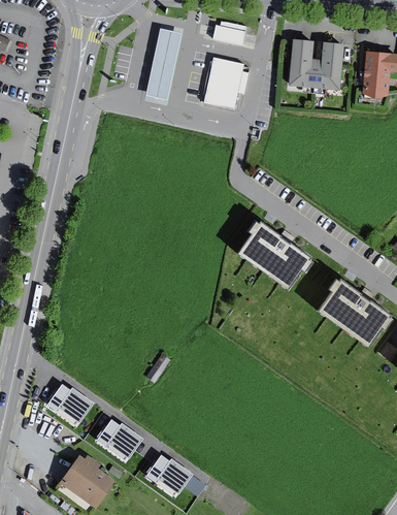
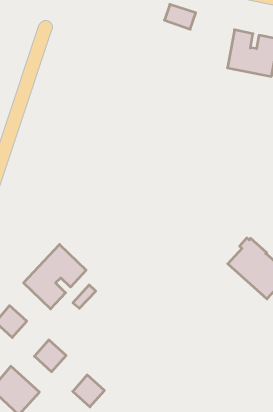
building: [146,30,181,100] -> none
building: [203,59,243,110] -> none
building: [235,222,309,289] -> none
building: none -> [24,244,86,309]

